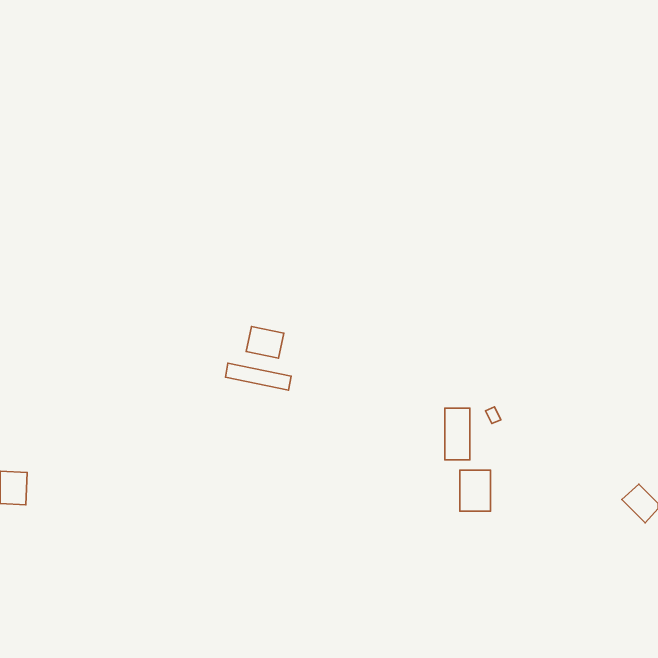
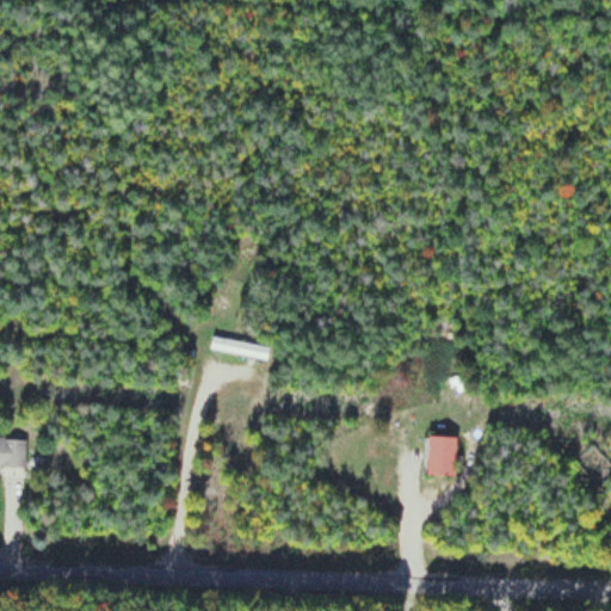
building: [246,326,284,358] -> none
building: [445,408,470,460] -> none

